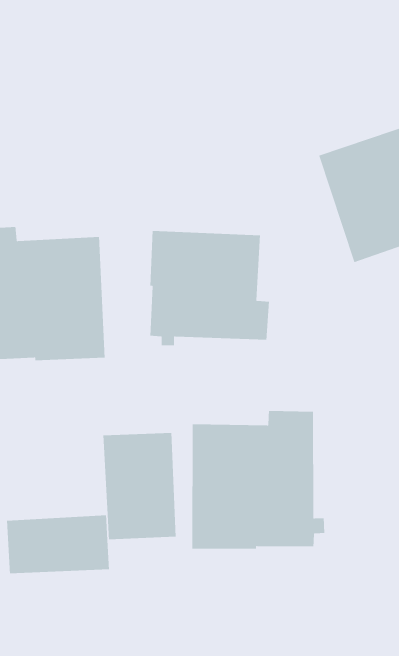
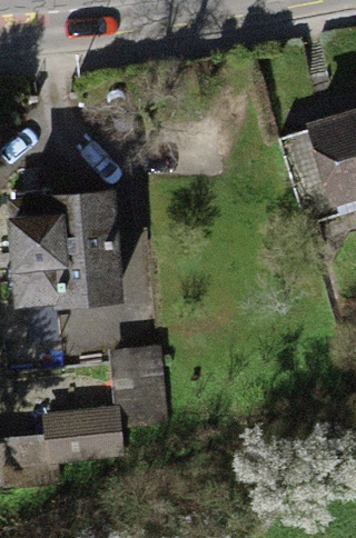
building: [149,230,270,346] -> none
building: [192,410,325,550] -> none

